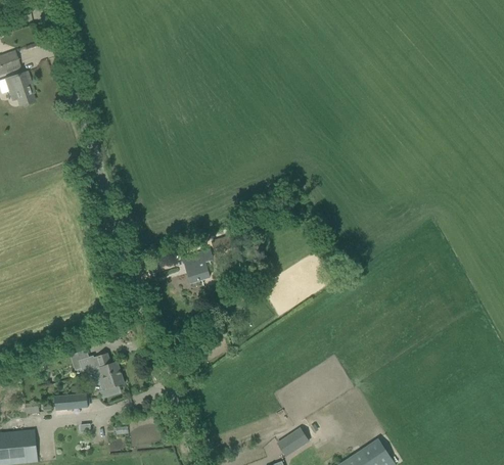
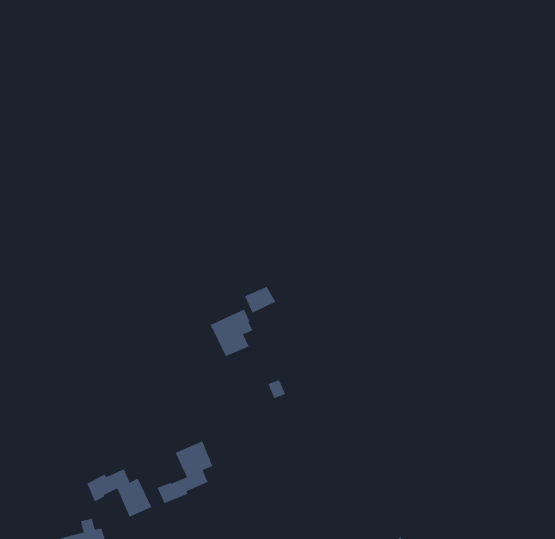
building: none -> [157,440,213,504]

